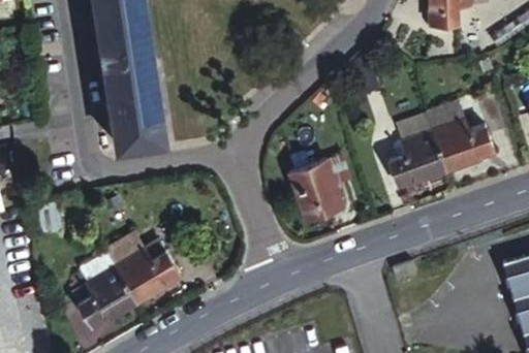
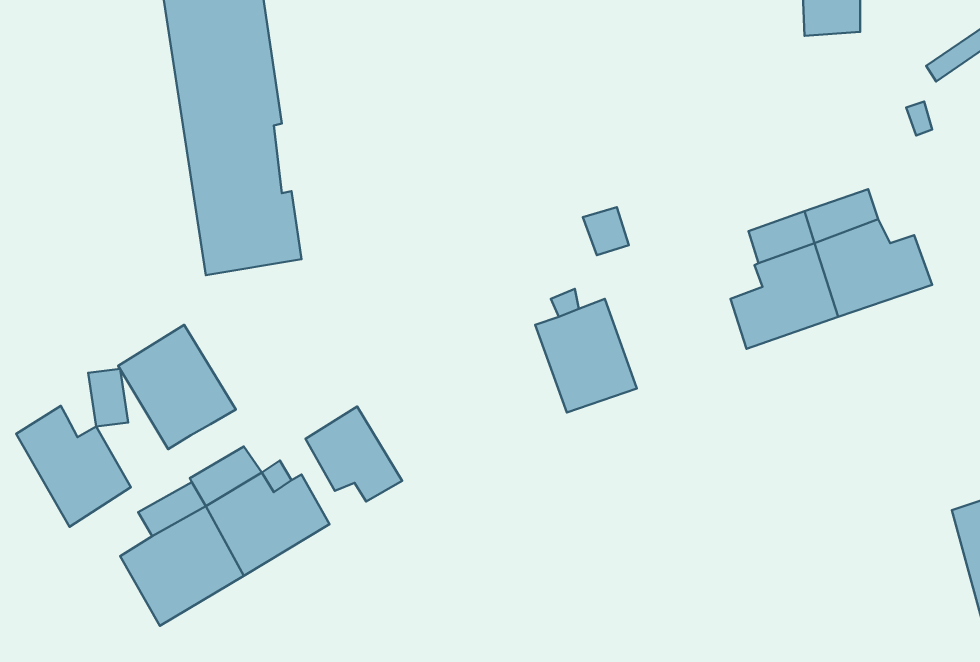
building: none -> [118,325,236,449]
building: none -> [16,406,131,527]
building: none -> [305,406,402,502]

